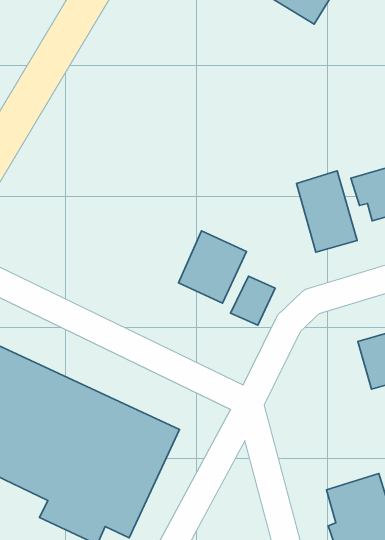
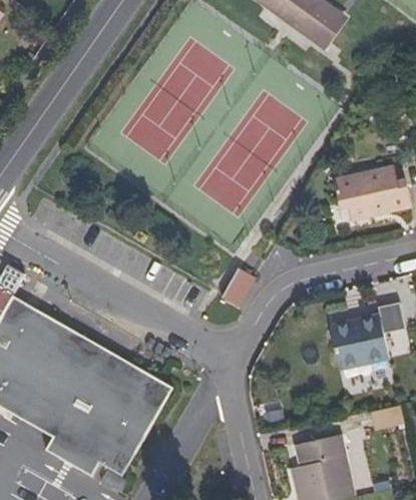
building: [297,171,357,252] -> none
building: [179,231,247,303] -> none

